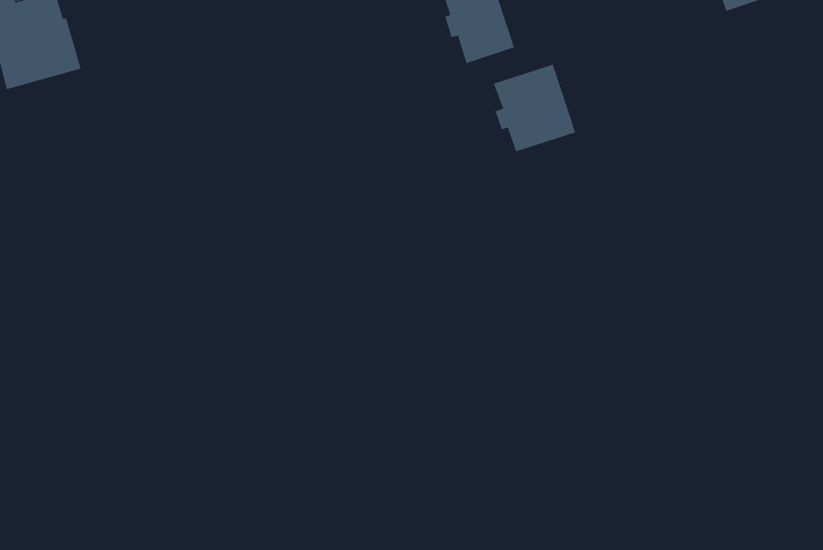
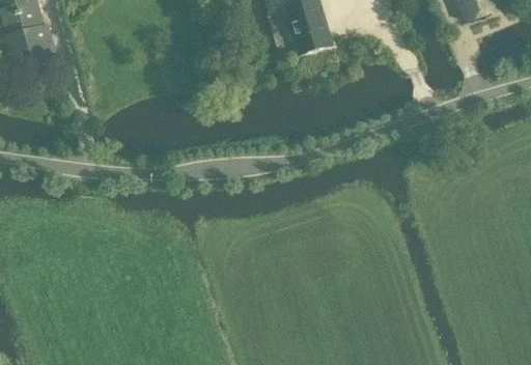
building: [493,64,576,152] -> none

